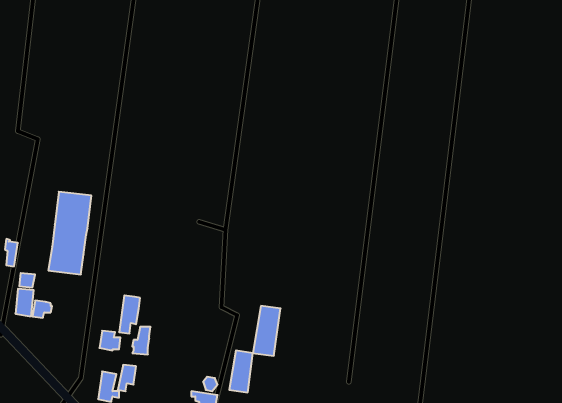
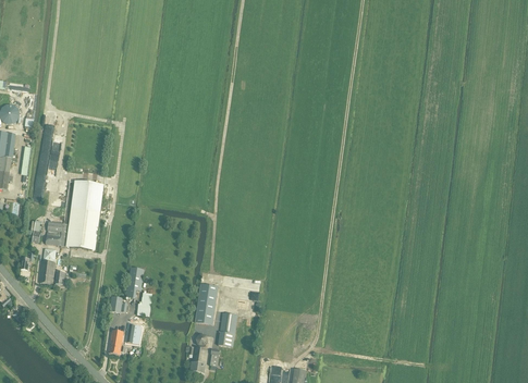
building: none -> [45,221,67,246]
building: [253,306,281,356] -> [194,283,217,324]

